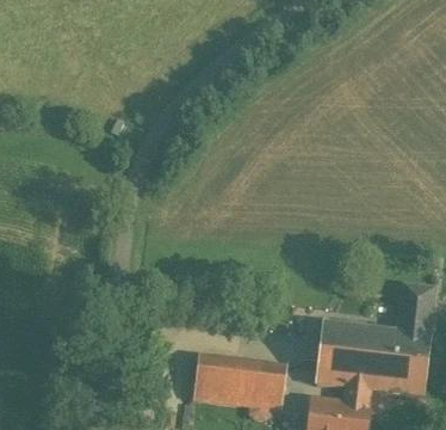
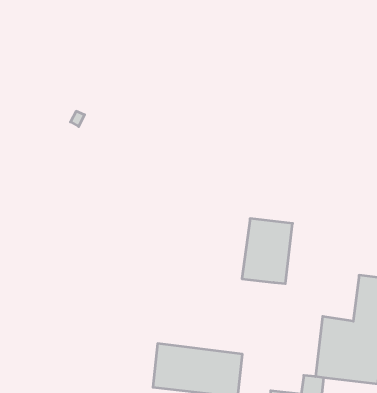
building: [315,321,366,387] -> [242,219,293,284]

